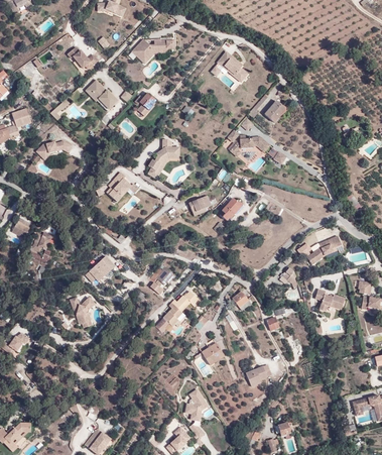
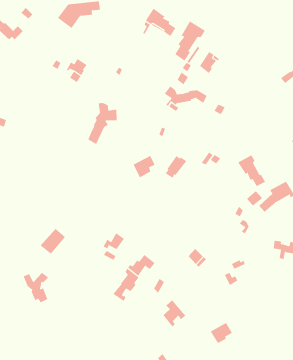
building: none -> [175,20,205,62]
building: [85,80,118,109] -> none
building: [109,172,139,201] -> none
building: none -> [238,155,266,187]

